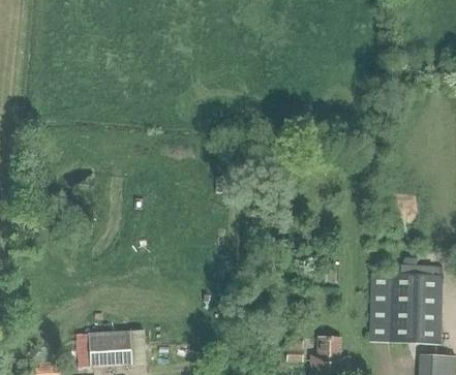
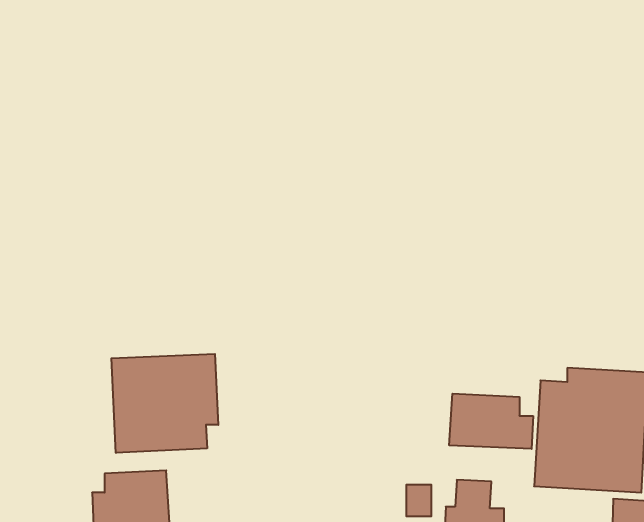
building: none -> [111,354,218,453]
building: none -> [449,394,533,449]

